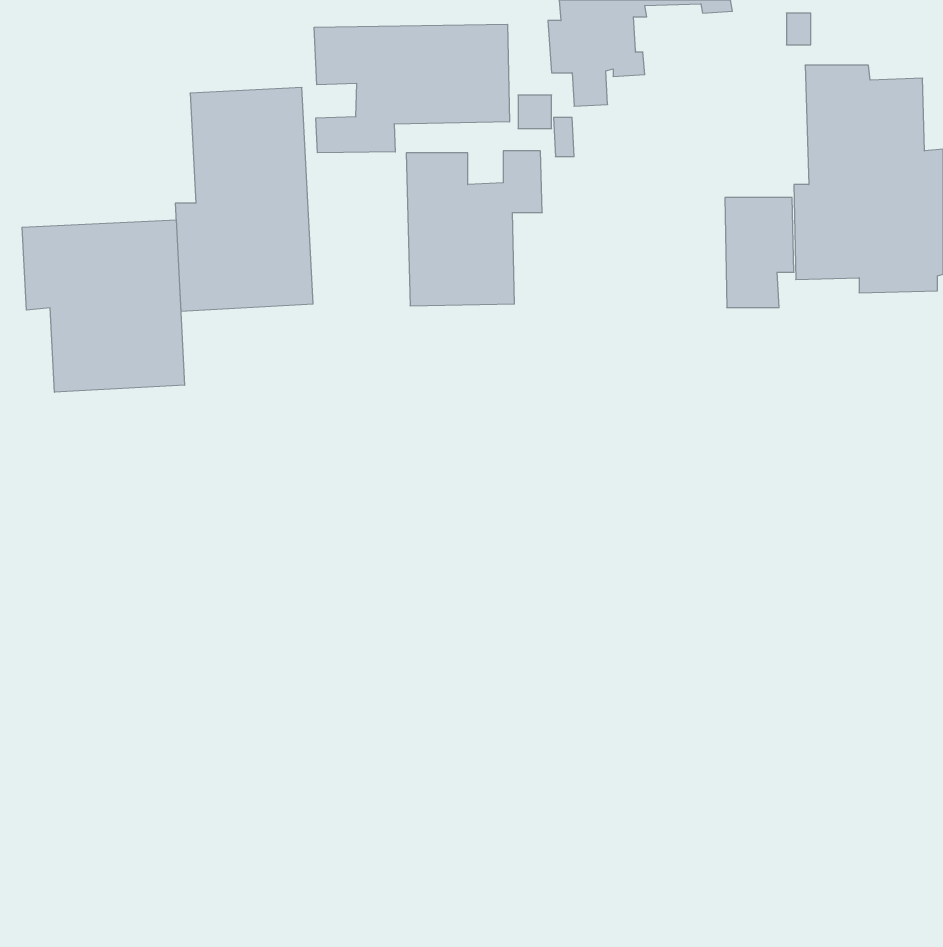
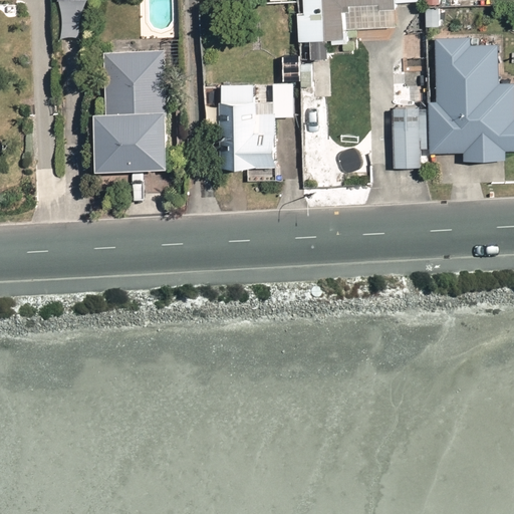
building: [314,24,509,153] -> none
building: [22,220,185,392] -> none

